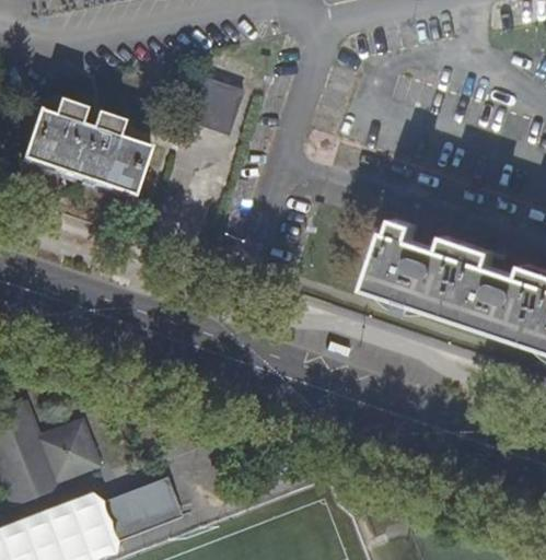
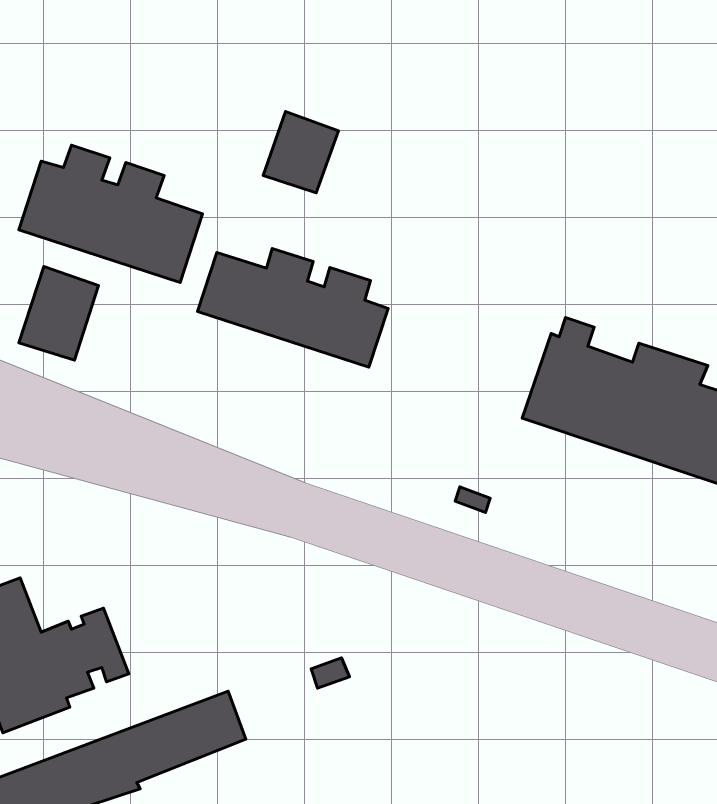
building: none -> [198,249,388,367]
building: none -> [19,267,98,360]

